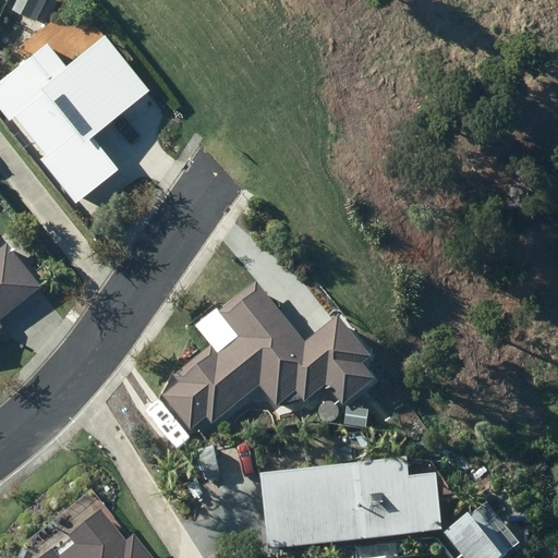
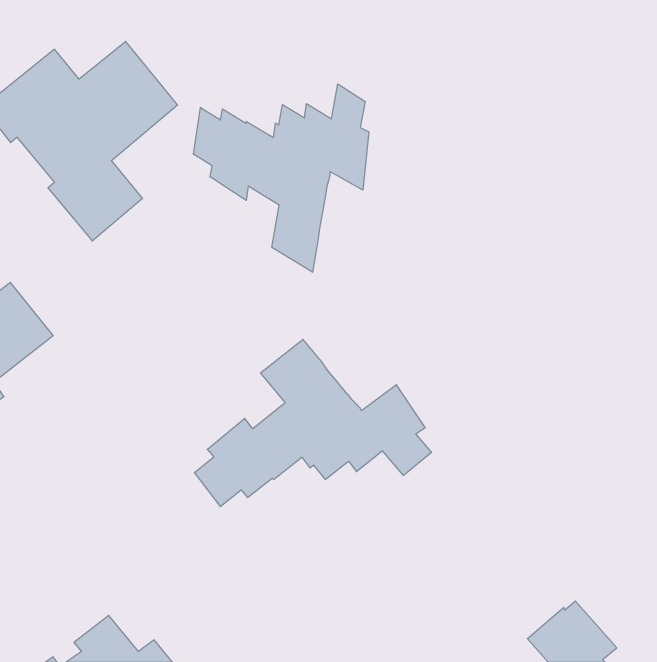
building: none -> [193,84,369,272]
building: [263,466,433,545] -> none

